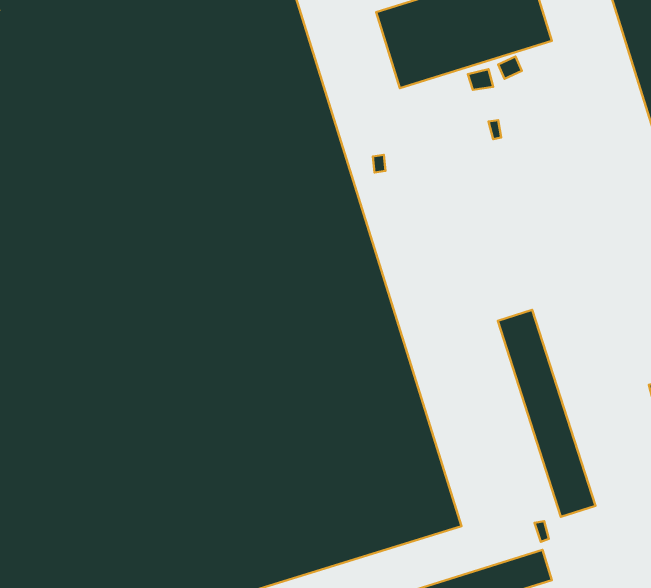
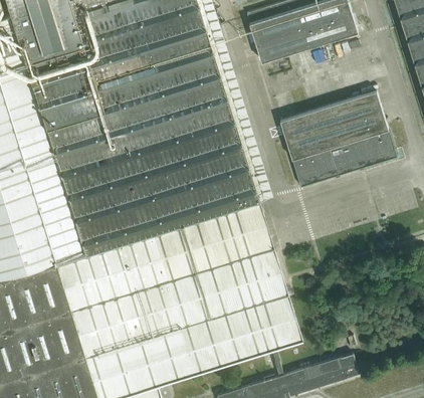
building: none -> [280,90,398,187]
building: [498,310,595,517] -> none

